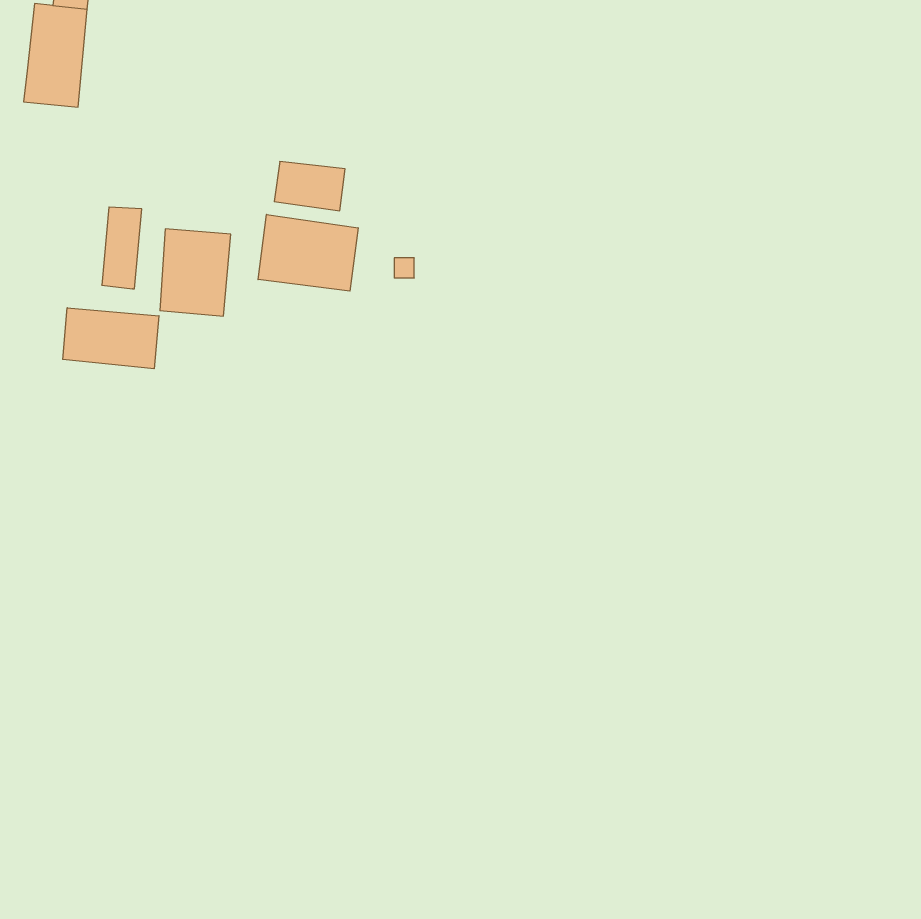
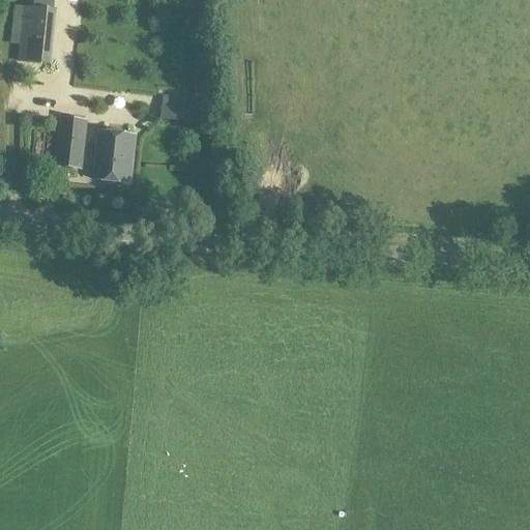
building: [258,214,358,291] -> none
building: [63,308,159,369] -> none

